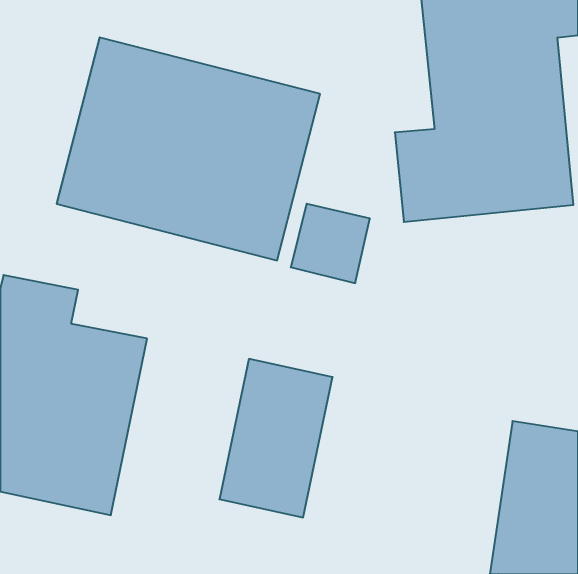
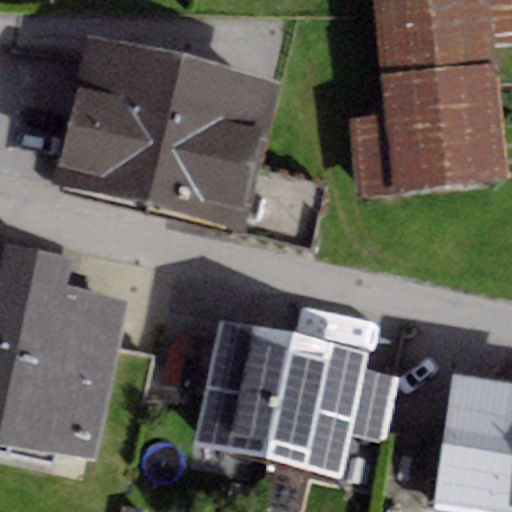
building: none -> [268,333,398,475]

